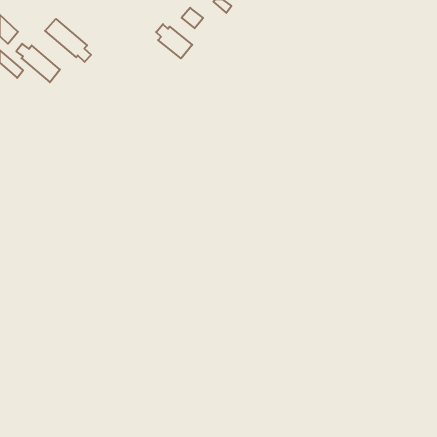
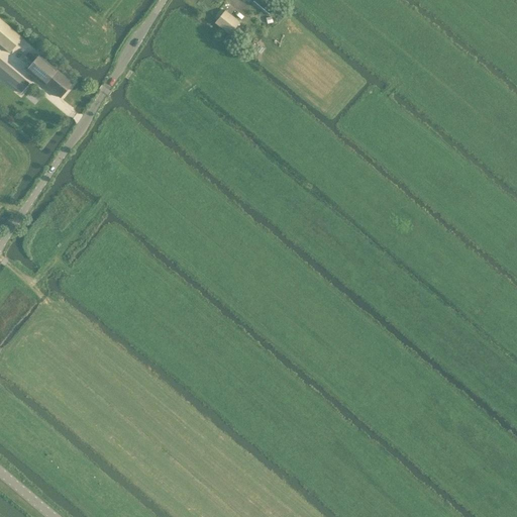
building: [45,19,91,62] -> none
building: [156,24,192,58] -> none

